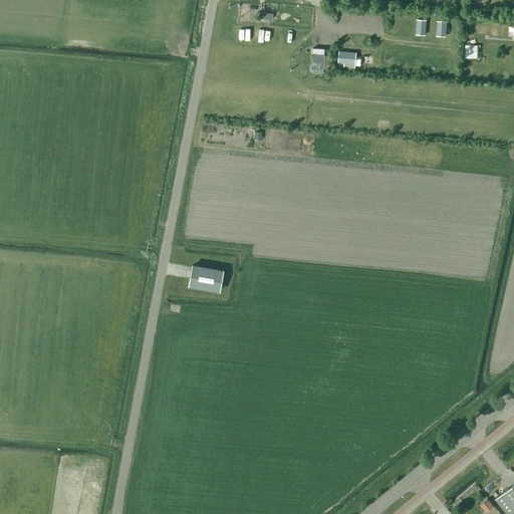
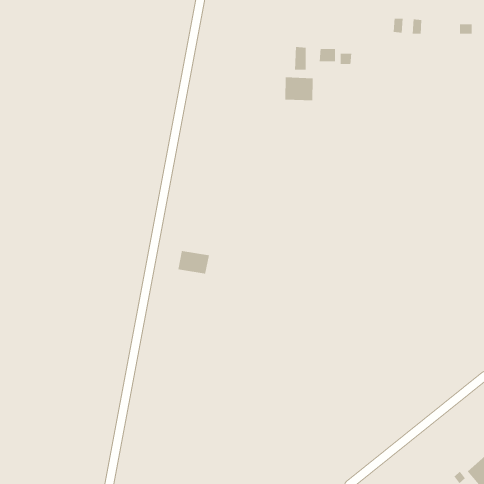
building: none -> [285,77,313,101]

